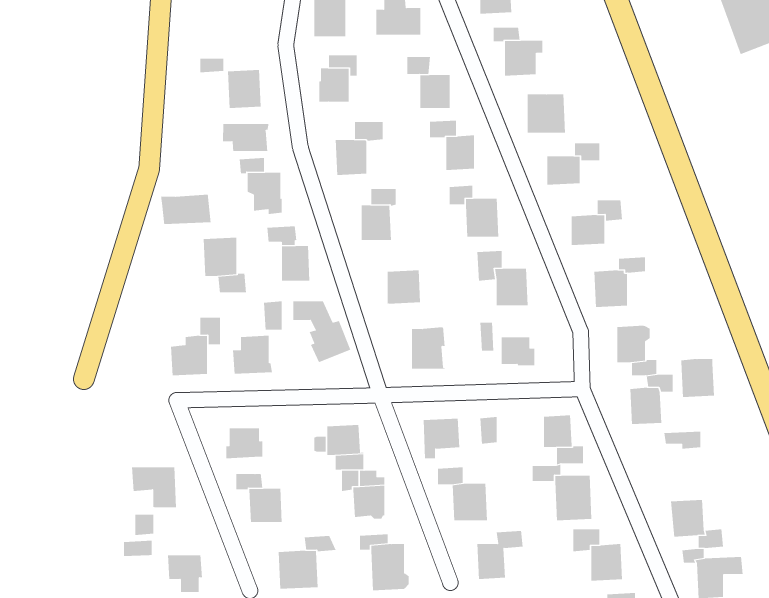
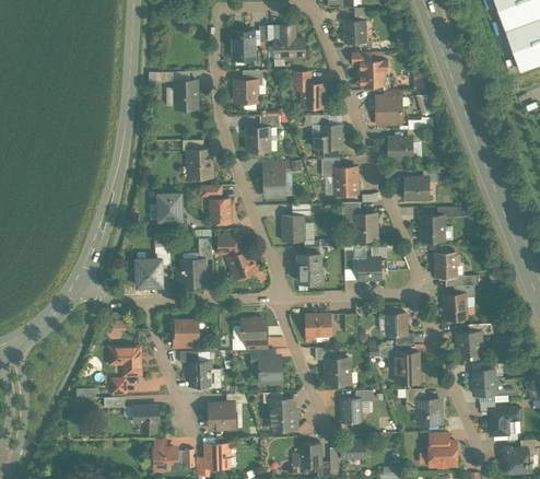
building: [222,123,269,152] -> none
building: [161,194,211,225] -> none
building: [681,359,715,398] -> [458,332,481,359]

